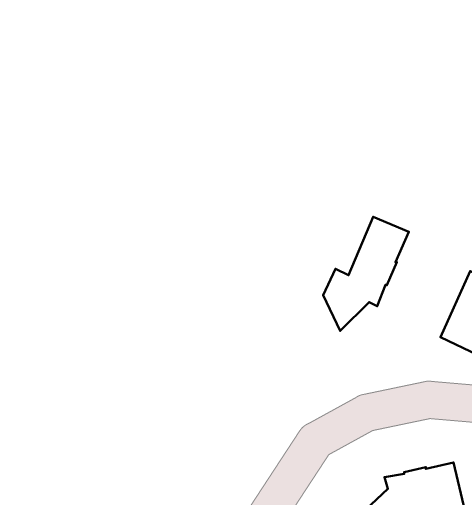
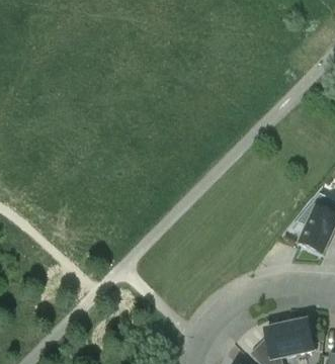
building: [323,217,409,331] -> none

